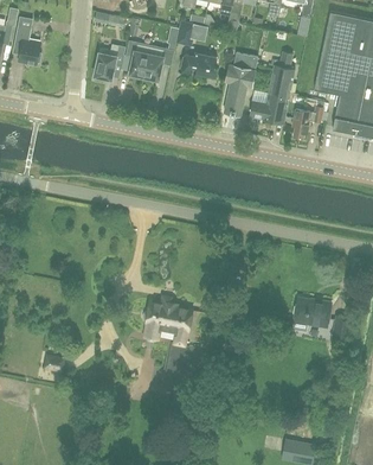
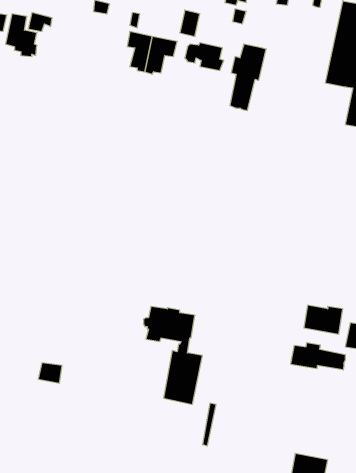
building: [94,44,126,82] -> none
building: [250,51,295,123] -> none
building: [292,104,323,138] -> none
building: none -> [291,343,345,370]

